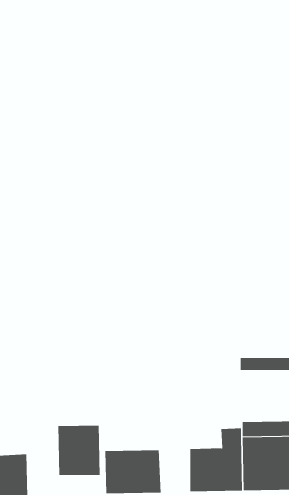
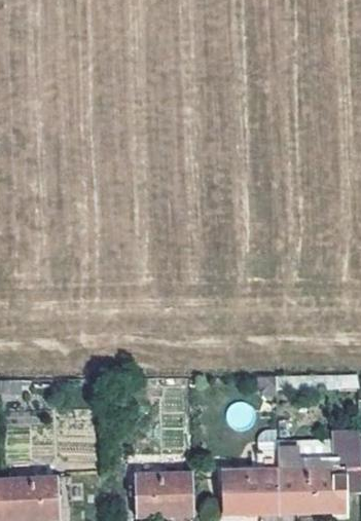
building: [58,425,100,476] -> none

